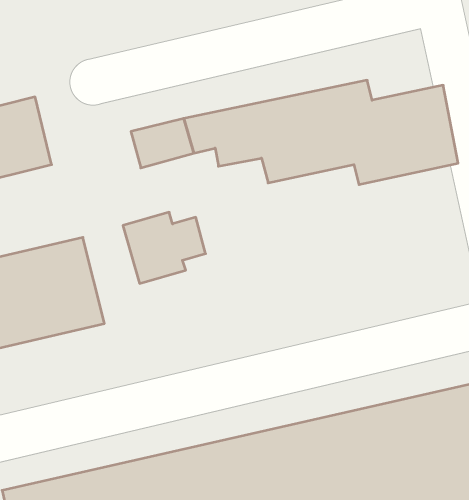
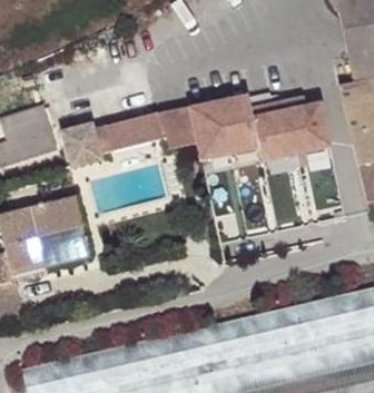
building: [123,212,206,283] -> [60,124,116,171]

